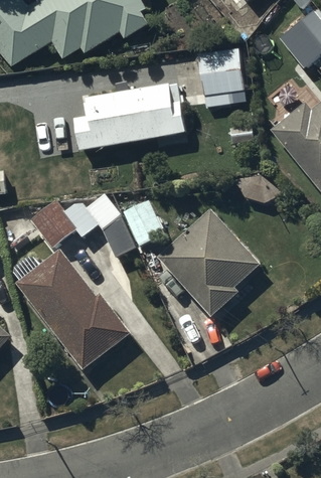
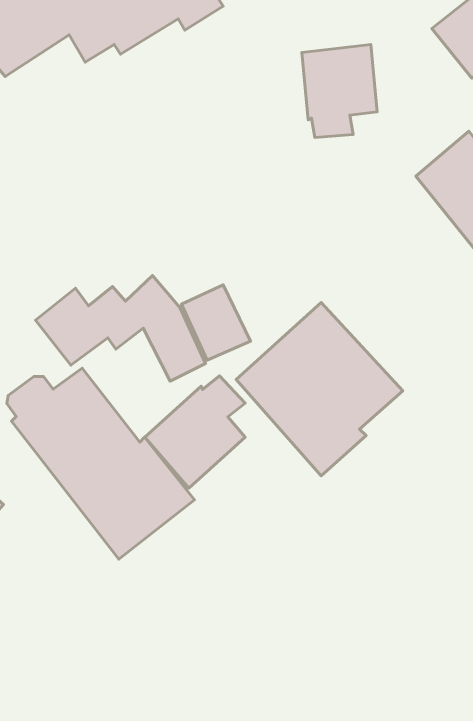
building: [73,82,185,151] -> none
building: none -> [145,376,245,488]

